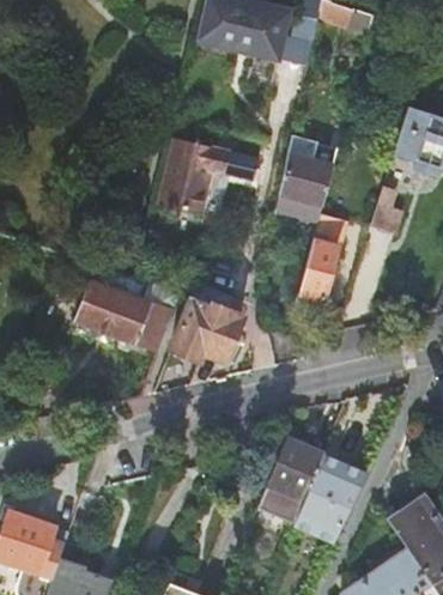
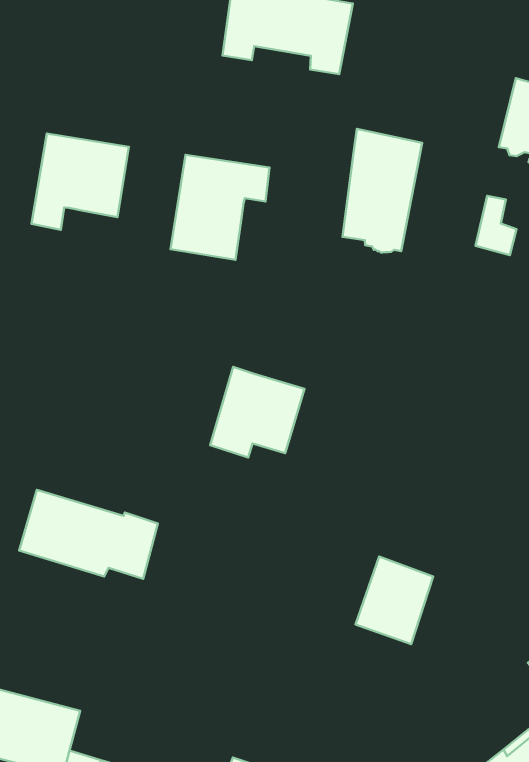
building: none -> [31,133,129,230]
building: [299,213,350,299] -> none
building: [75,280,175,348] -> [19,490,158,579]
building: [299,454,369,523] -> none

